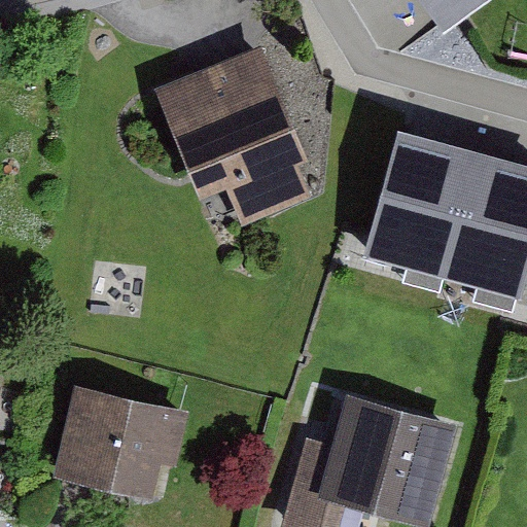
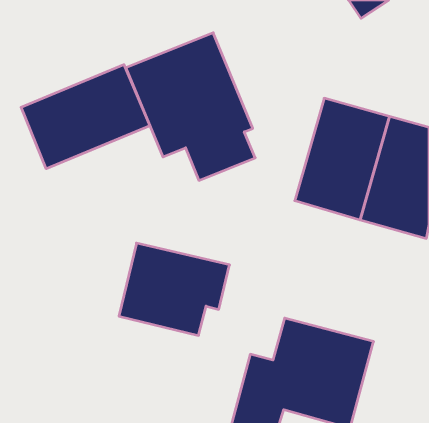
building: none -> [21,65,150,169]
building: [55,387,190,500] -> [119,243,230,335]

